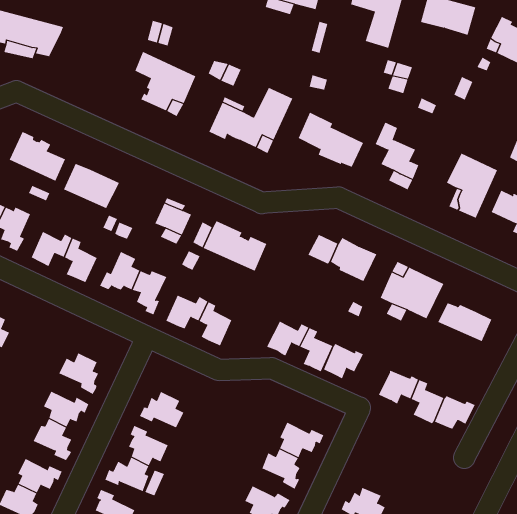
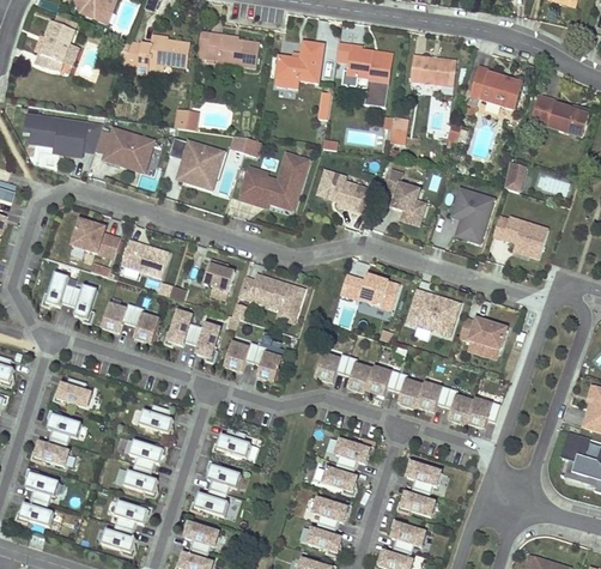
building: none -> [95,126,154,167]
building: none -> [393,371,423,408]
building: none -> [406,456,441,491]

